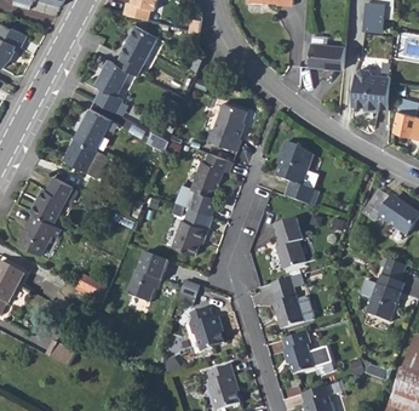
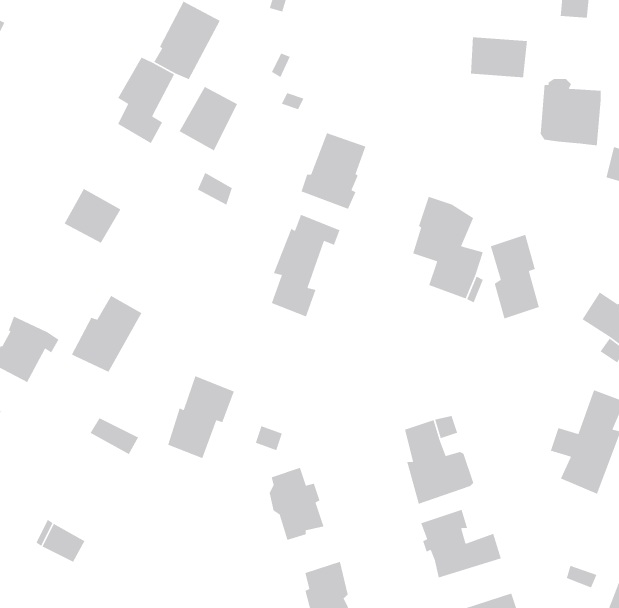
building: [75,108,111,148] -> [178,86,238,152]
building: [30,176,74,223] -> [71,295,143,373]
building: [171,206,212,253] -> none
building: [272,213,303,266] -> [490,234,540,319]

